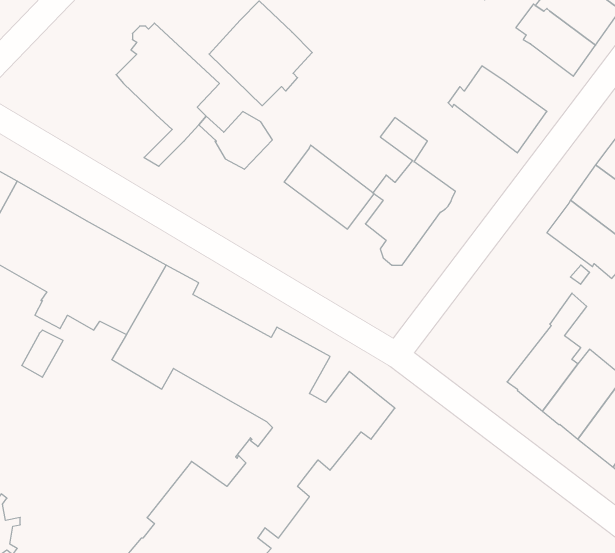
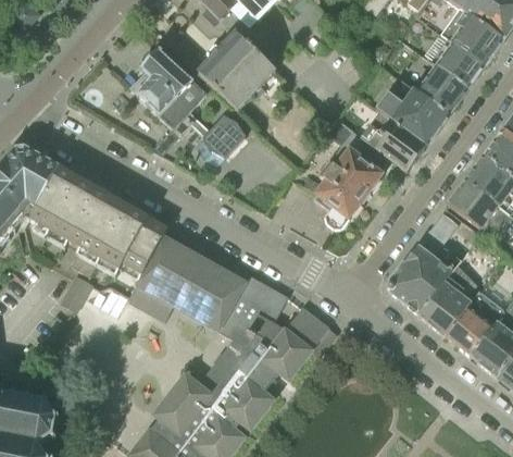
building: none -> [416,64,467,114]
building: [284,145,374,229] -> [360,109,426,171]
building: none -> [389,211,458,313]

